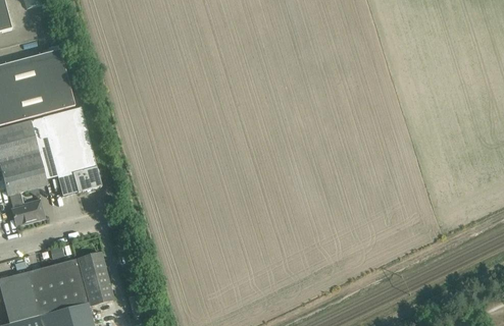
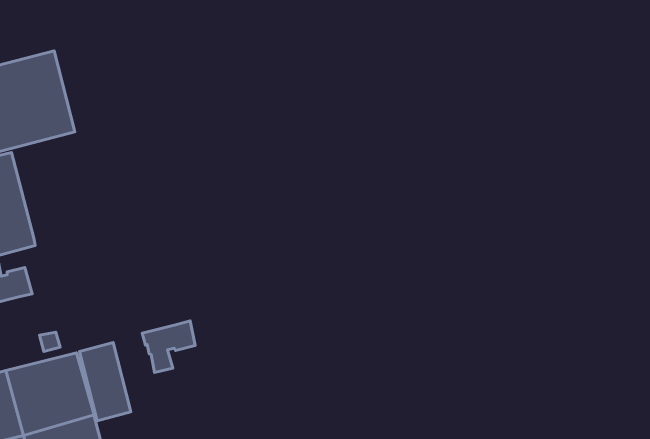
building: [30,106,100,196] -> none
building: none -> [142,321,195,372]

